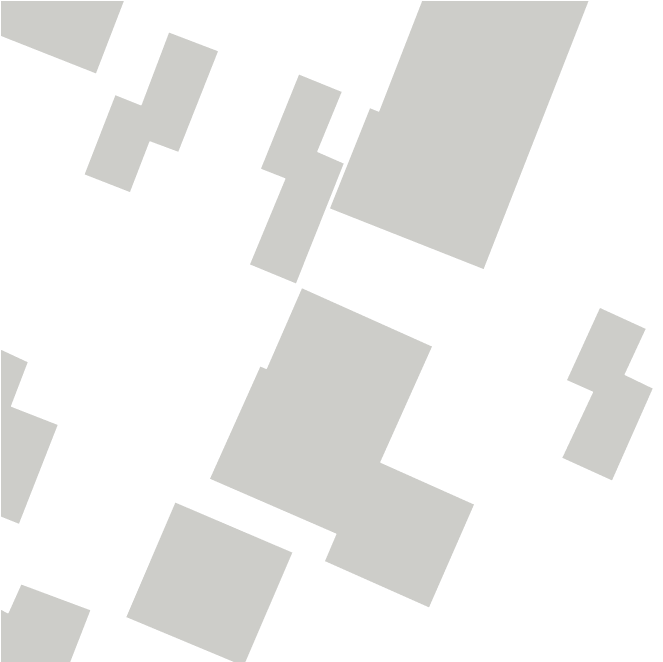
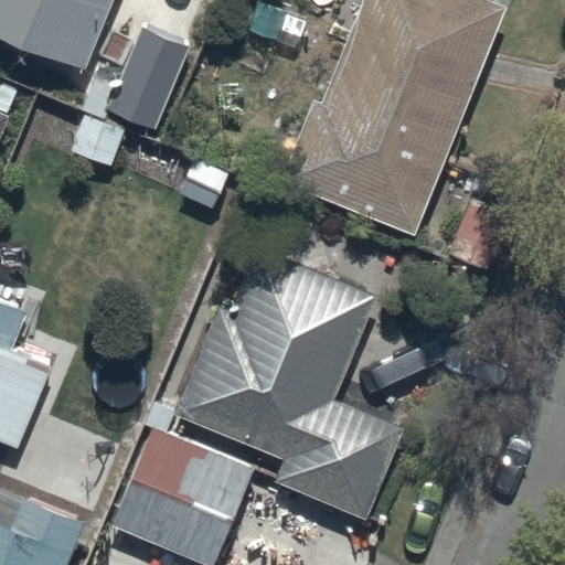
building: [249,73,345,284] -> none
building: [561,307,654,481] -> none

